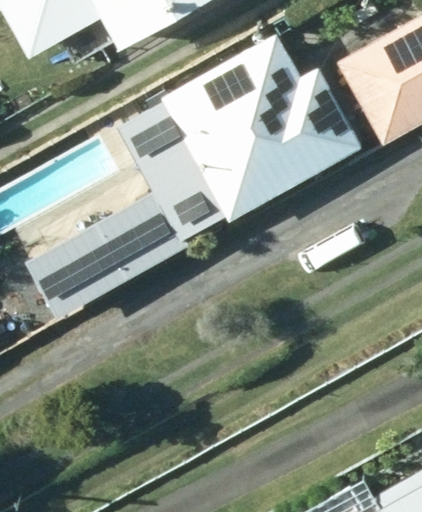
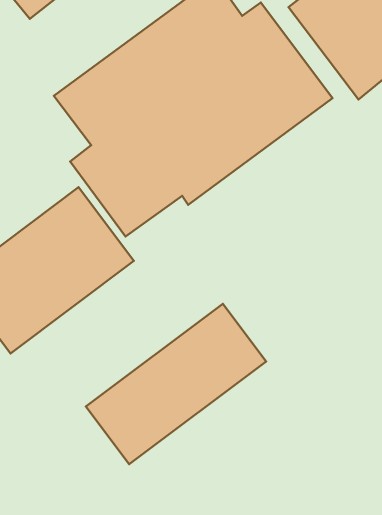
building: none -> [86,304,266,464]

